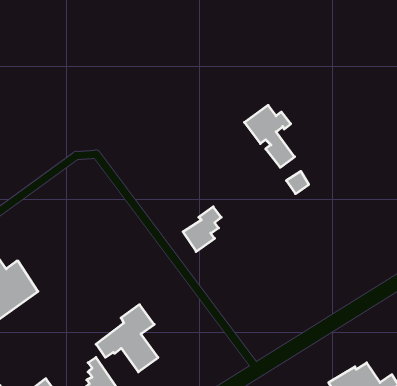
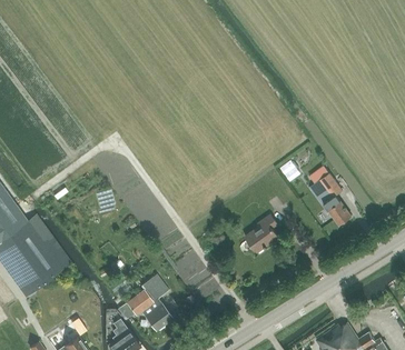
building: [244,105,295,167] -> [308,172,350,224]
building: [183,207,221,252] -> [244,214,276,252]

